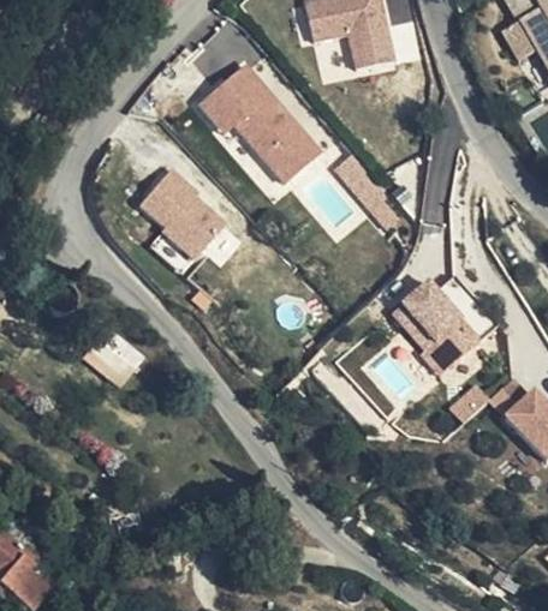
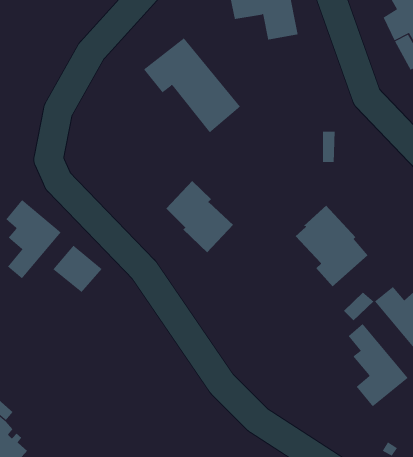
building: [141,168,227,260] -> [166,180,234,253]
building: none -> [6,199,62,279]
building: none -> [348,323,409,407]

